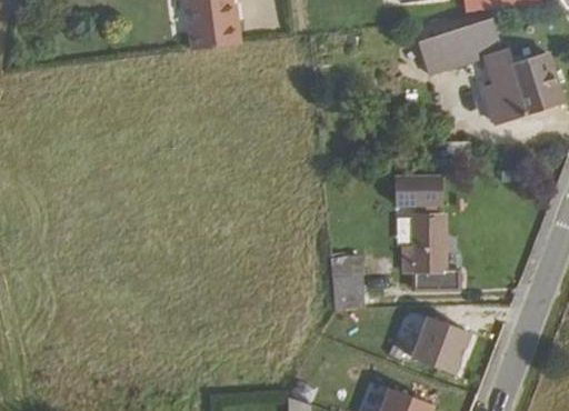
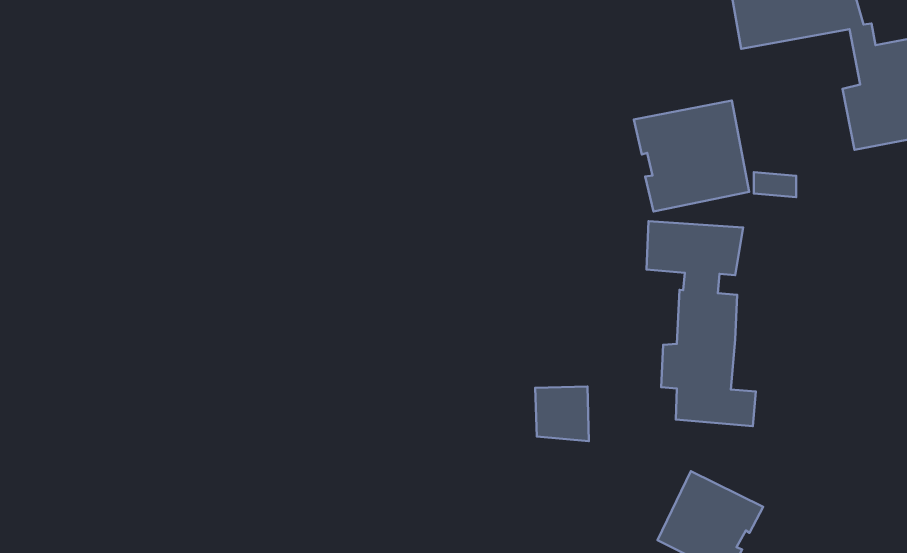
building: none -> [634,100,749,211]

